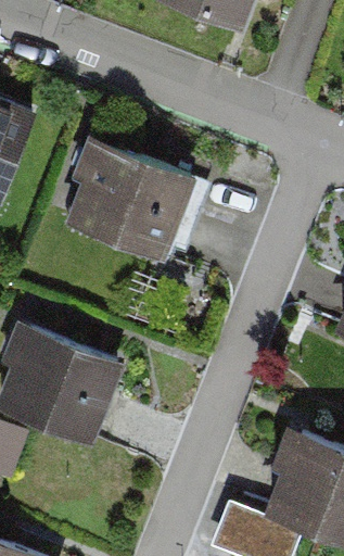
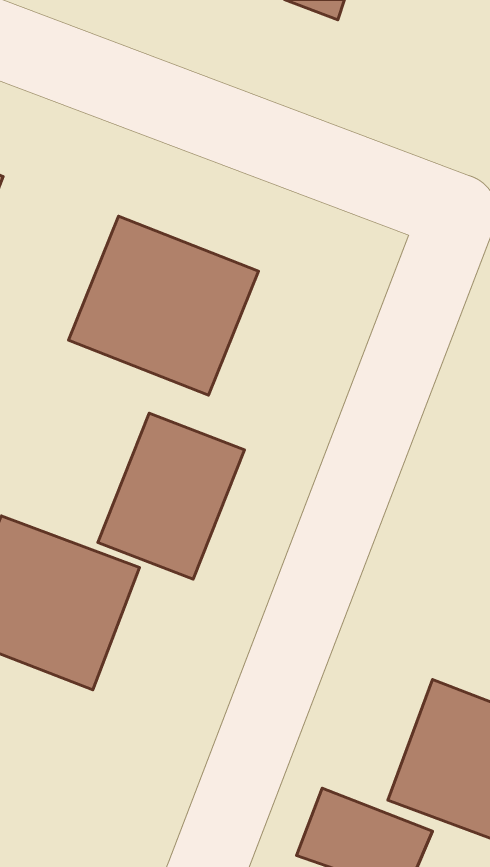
building: none -> [98,413,244,579]

